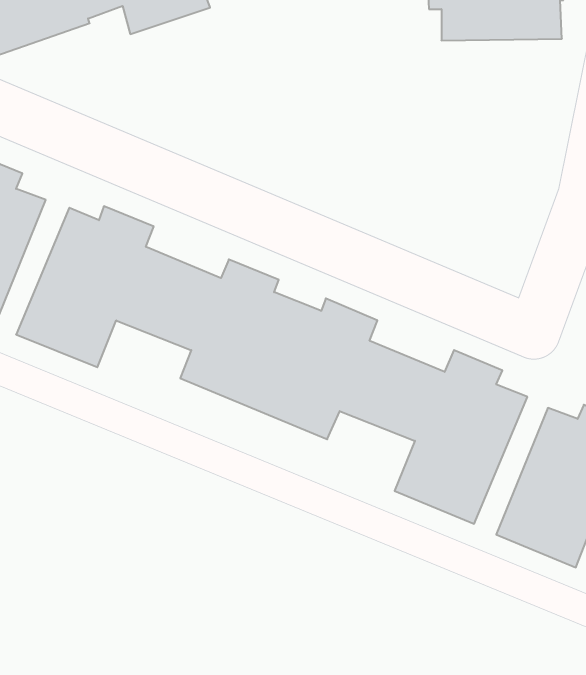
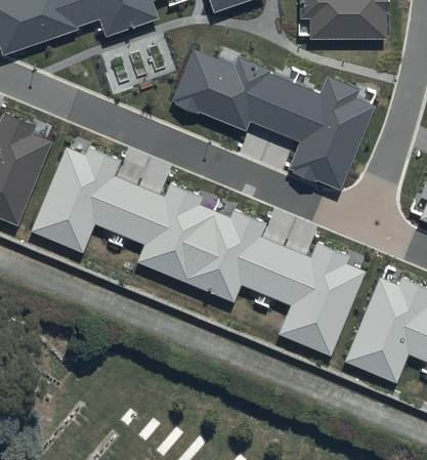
building: none -> [172,49,376,191]

